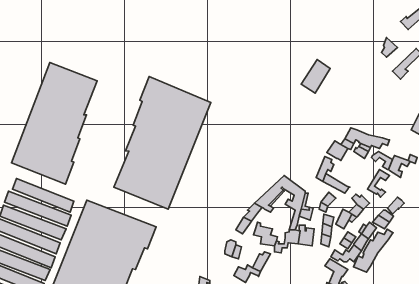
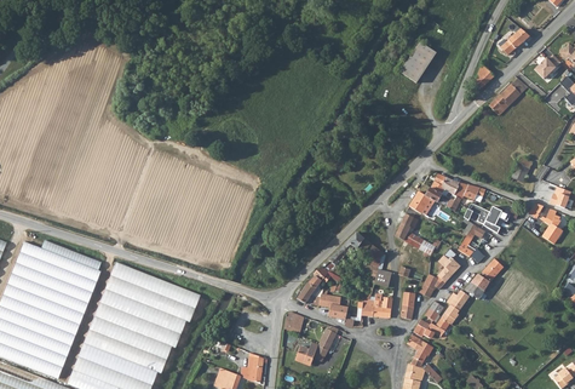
building: [301,59,330,93] -> [401,42,436,84]
building: [12,63,97,184] -> none
building: [114,77,211,209] -> none
building: [353,229,393,272] -> none

